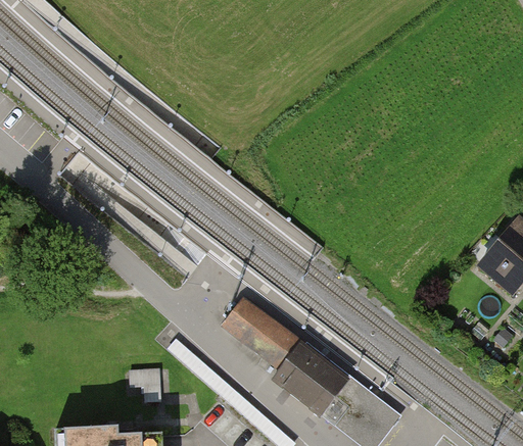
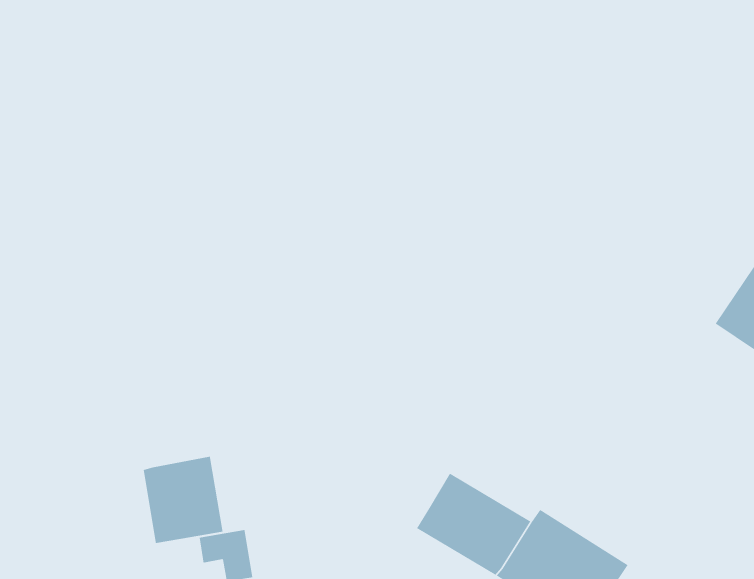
building: [224,301,297,365] -> none
building: none -> [143,456,223,544]

